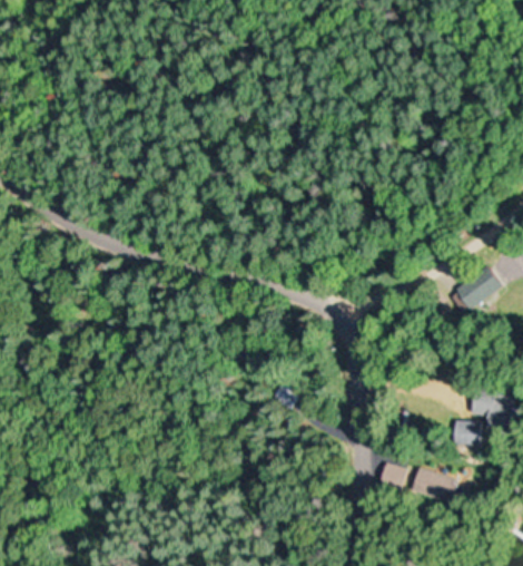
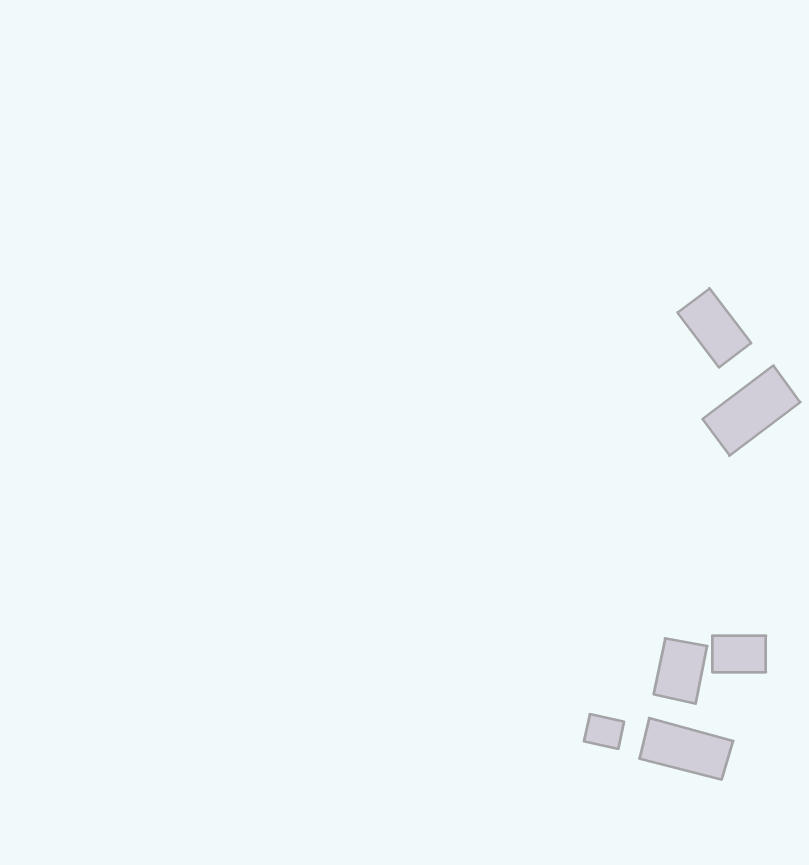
building: none -> [678,288,751,367]
building: [474,380,505,418] -> [654,638,707,704]

